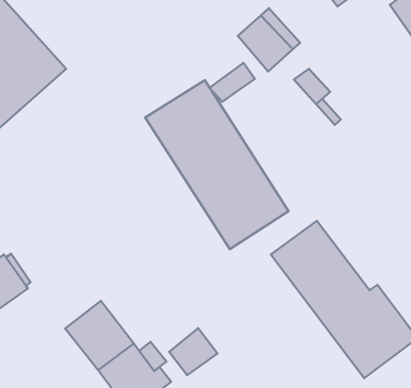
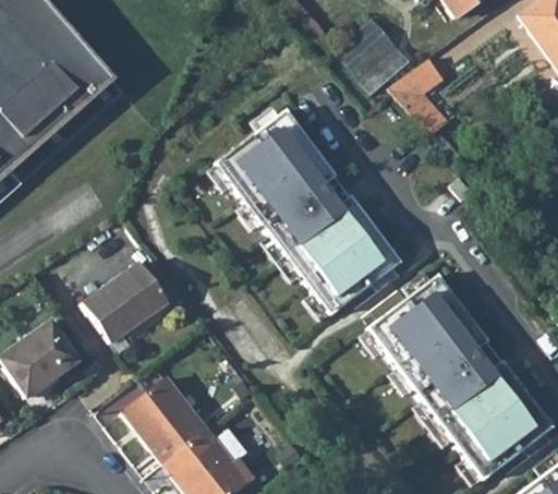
building: [210,63,255,102] -> [387,59,442,107]
building: none -> [80,263,166,344]
building: [169,328,217,375] -> none

